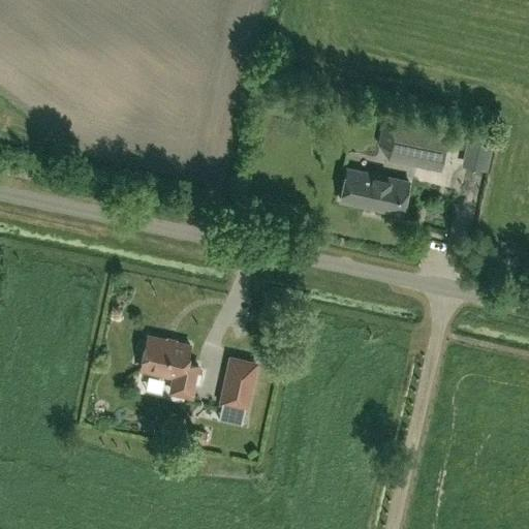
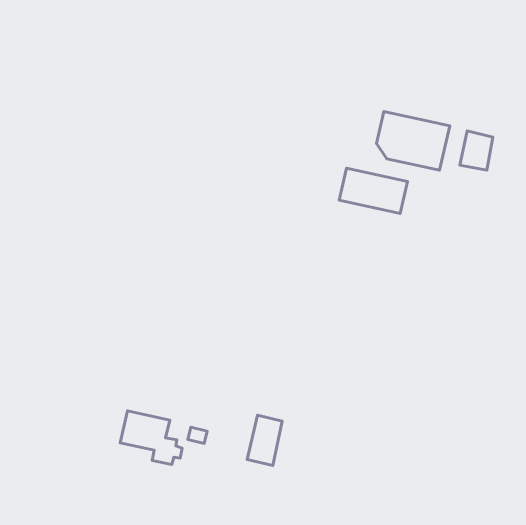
building: [141,338,203,392] -> [120,411,182,465]
building: [221,360,256,410] -> [247,415,282,466]

